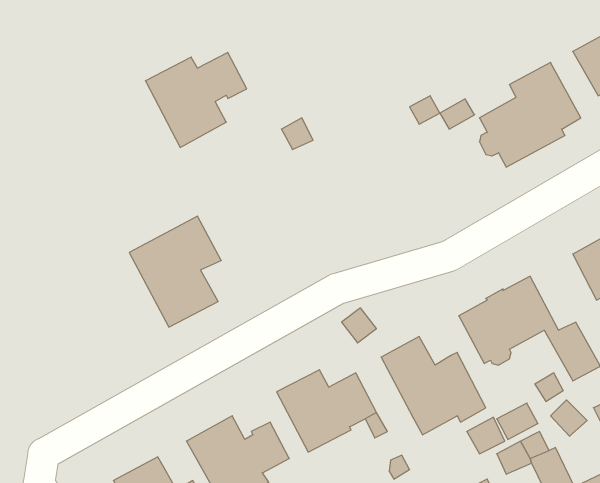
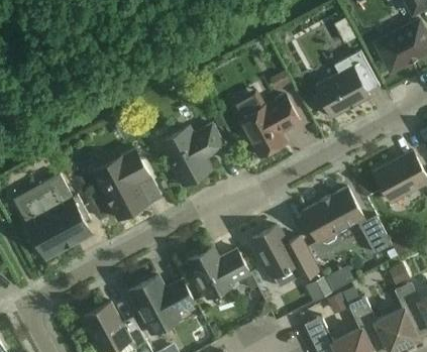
building: [145,52,247,147] -> [159,124,224,185]
building: none -> [230,90,300,156]
building: none -> [17,173,90,258]

